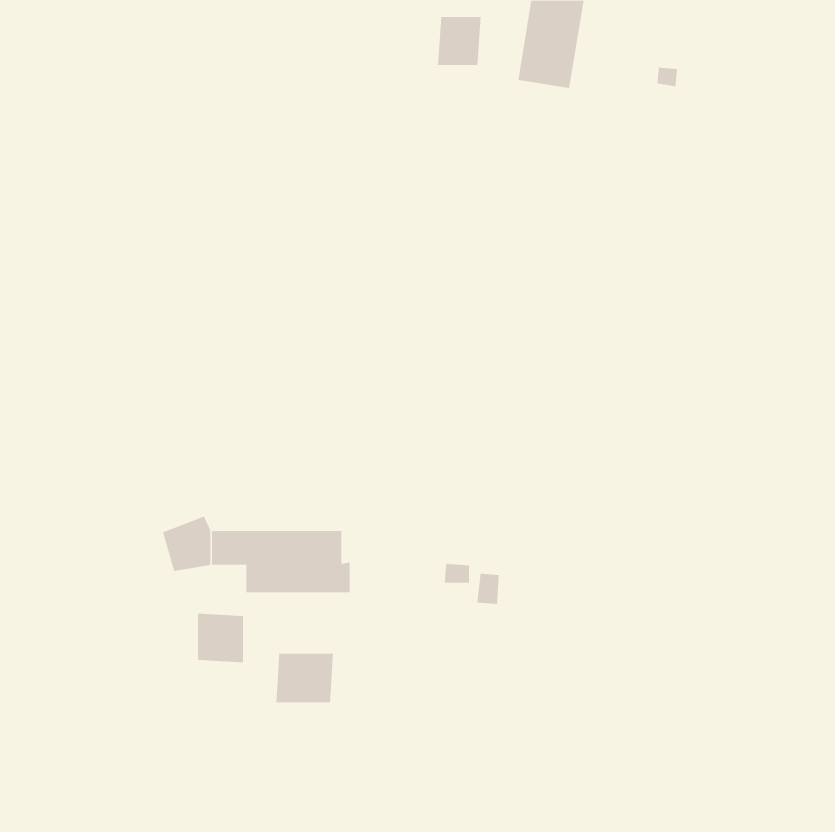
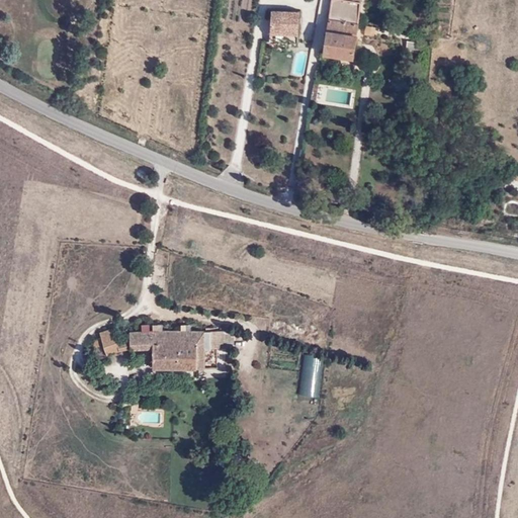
building: [198,613,244,663] -> none
building: [276,653,334,703] -> none

